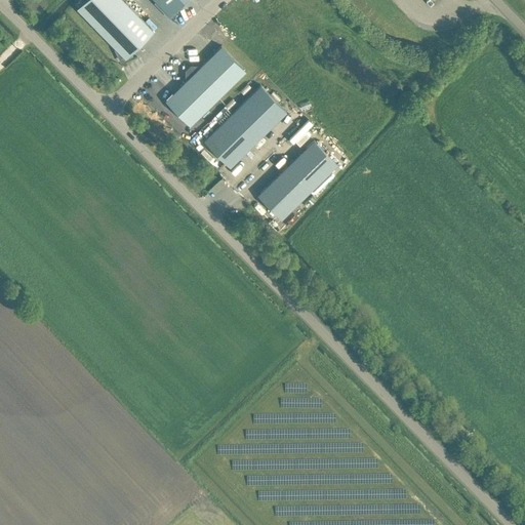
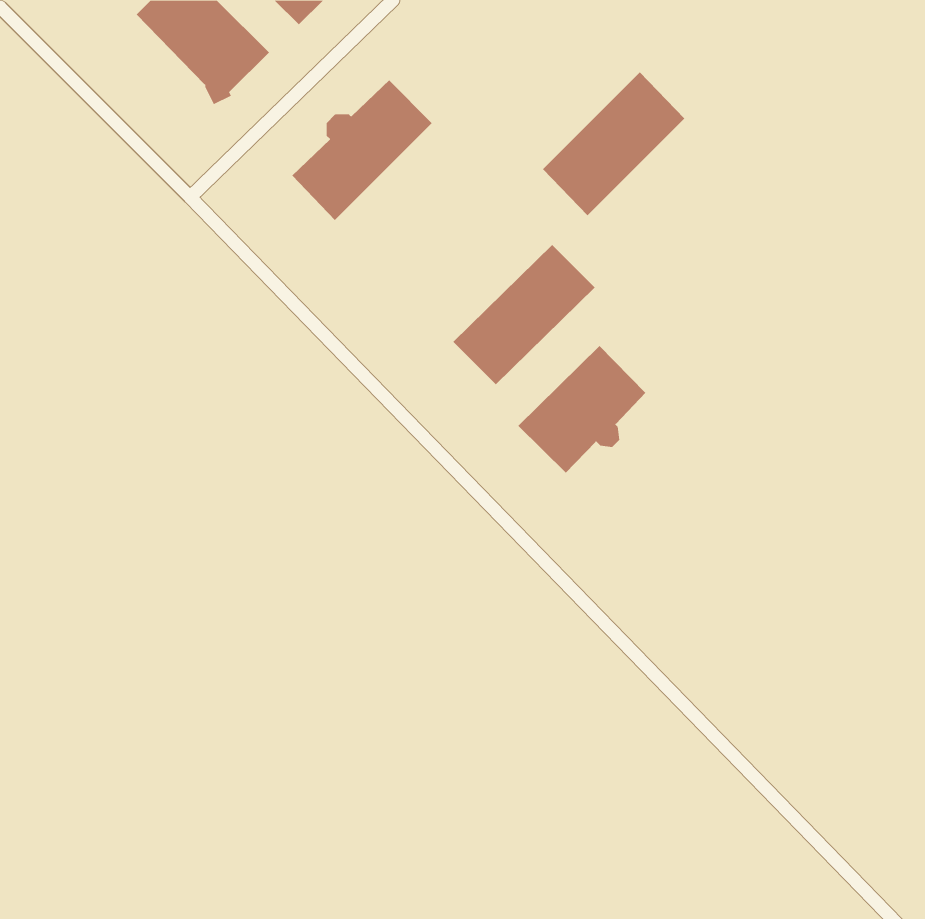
building: [205,86,286,168] -> [542,72,685,216]
building: none -> [517,345,646,474]

